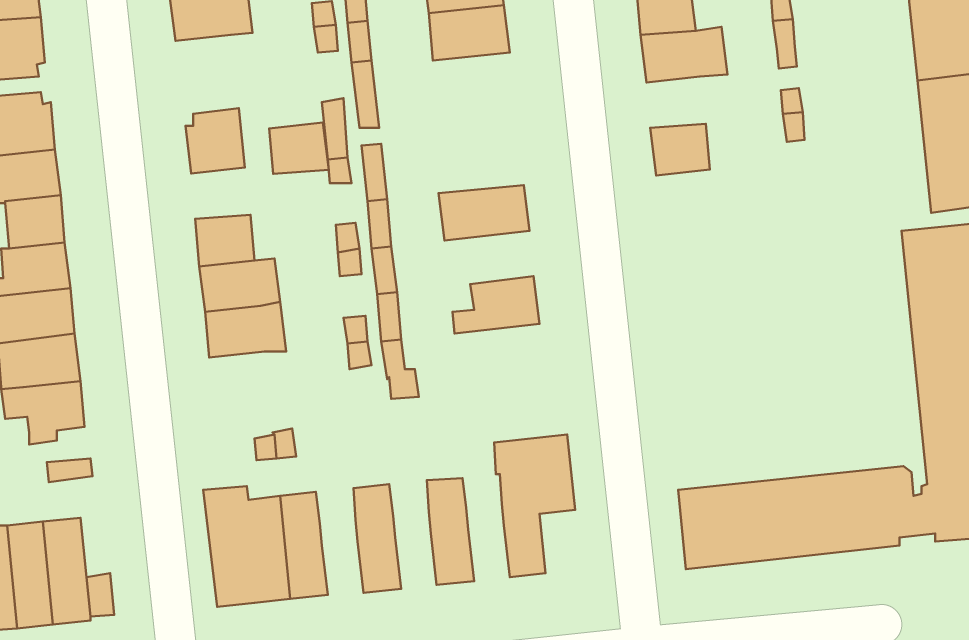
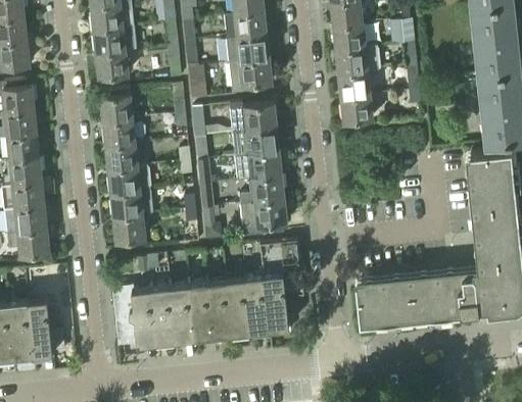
building: none -> [96,51,127,79]
building: none -> [229,60,271,93]
building: none -> [339,72,370,99]
building: [269,122,329,174] -> [104,119,135,146]
building: none -> [229,103,276,133]
building: none -> [235,152,281,181]
building: none -> [240,200,286,237]
building: none -> [113,214,144,242]
building: none -> [258,241,298,261]
building: none -> [244,278,269,333]
building: none -> [206,281,231,337]
building: none -> [169,285,193,340]

